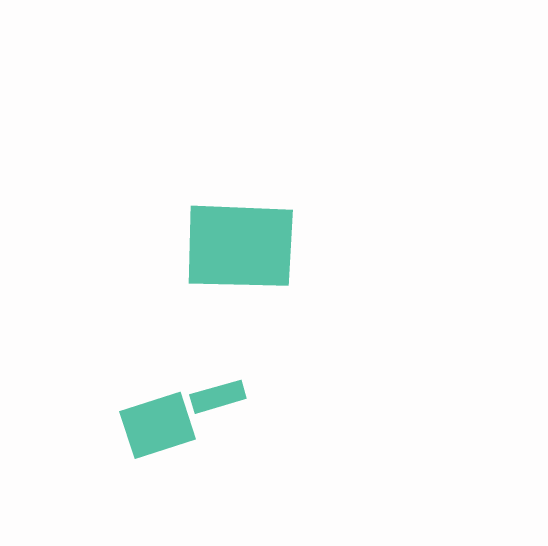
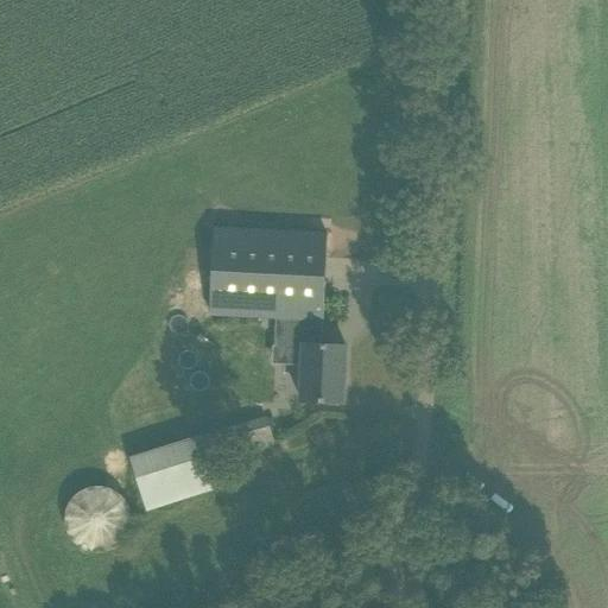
building: none -> [274,316,346,401]
building: none -> [66,477,121,533]

